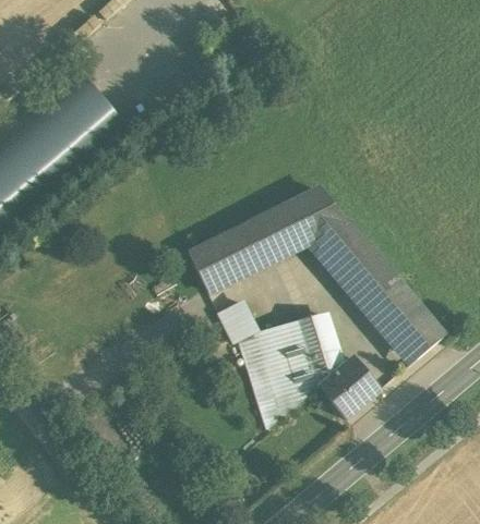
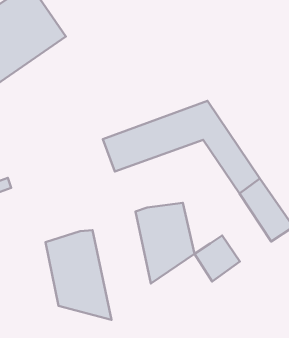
building: [218,301,253,340] -> none
building: [298,315,338,382] -> none
building: none -> [45,230,112,320]

